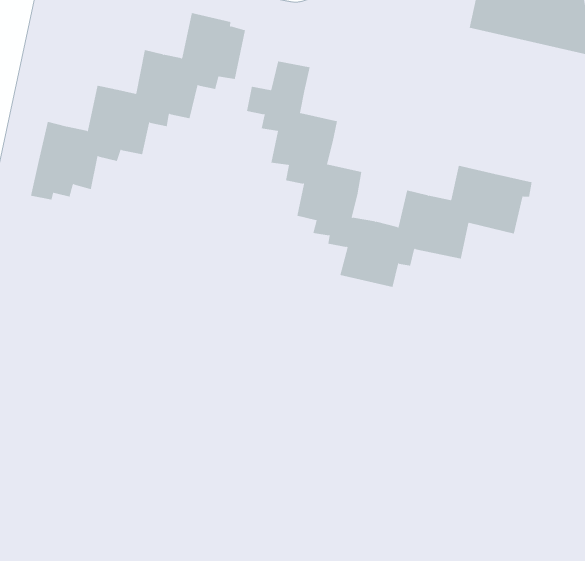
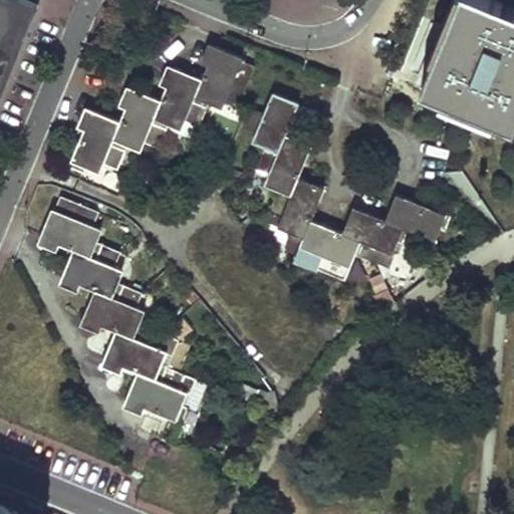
building: none -> [36,198,207,424]

